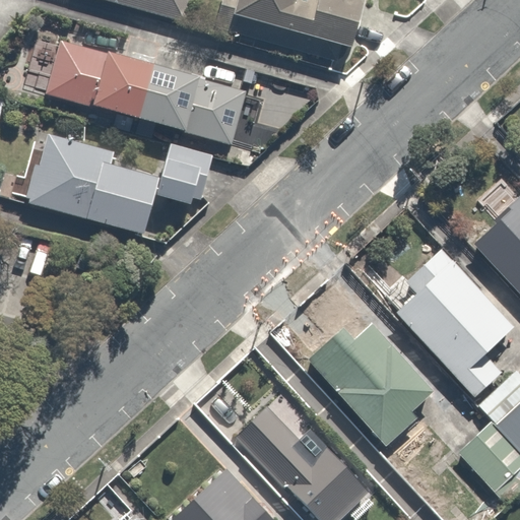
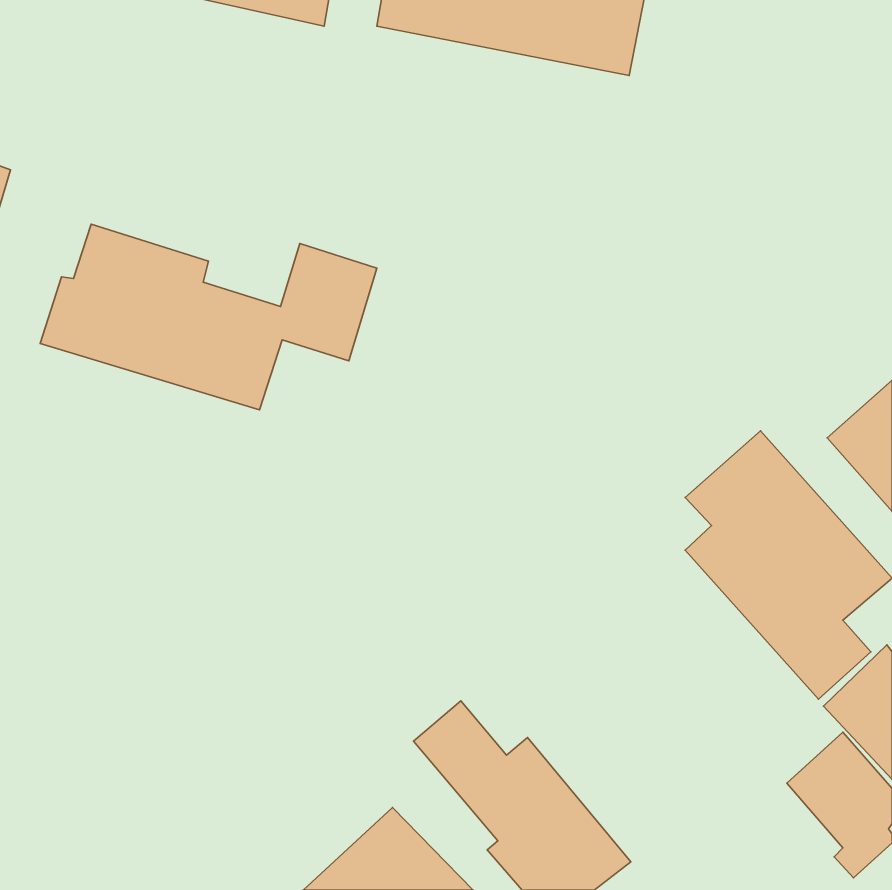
building: [48,39,248,142] -> none
building: [302,311,441,454] -> none

